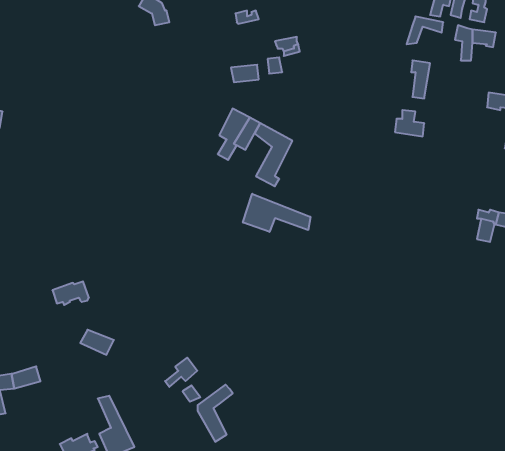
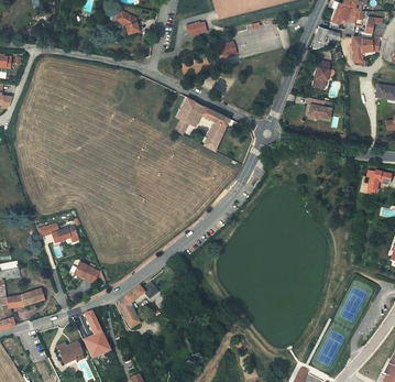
building: [243,194,310,232] -> none
building: [198,385,233,442] -> [117,286,143,329]

